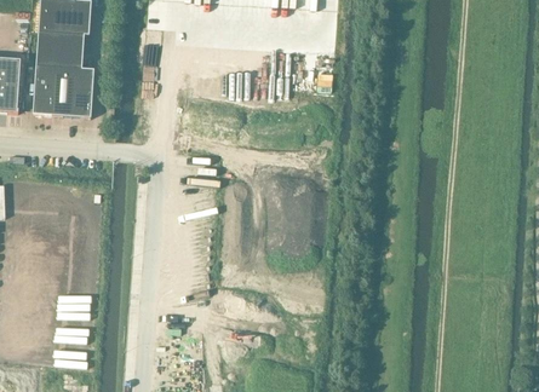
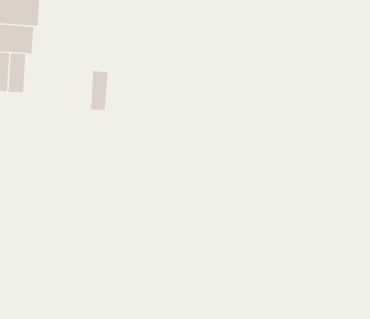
building: [70,69,93,119] -> [89,70,108,111]

